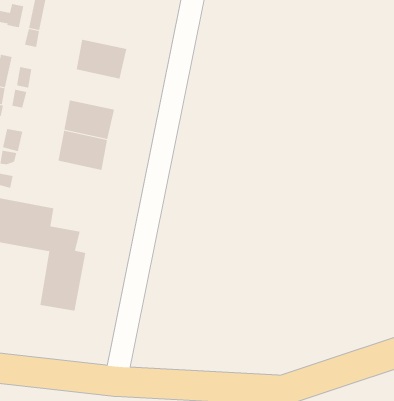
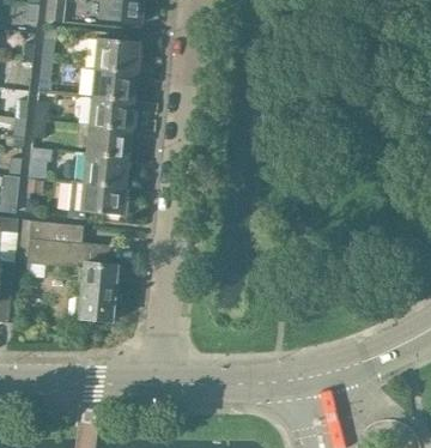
building: none -> [93,37,139,72]
building: none -> [87,96,133,129]
building: none -> [67,180,125,218]

